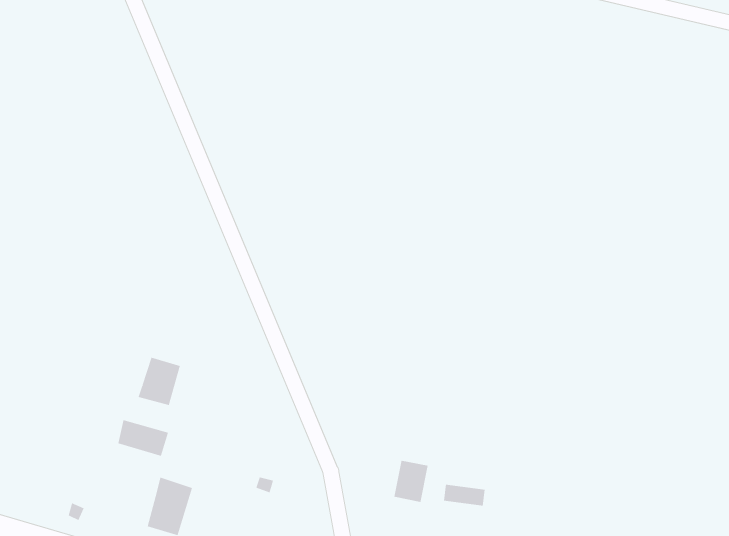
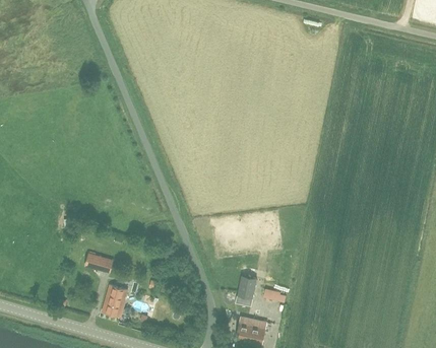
building: [138,357,180,406] -> none

